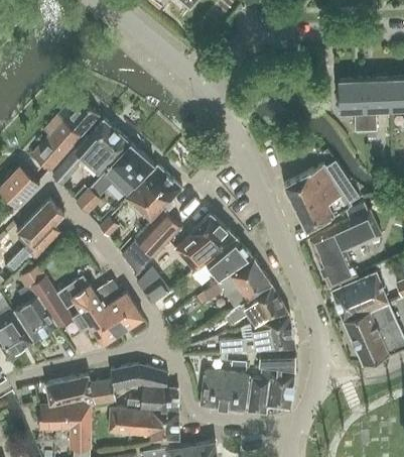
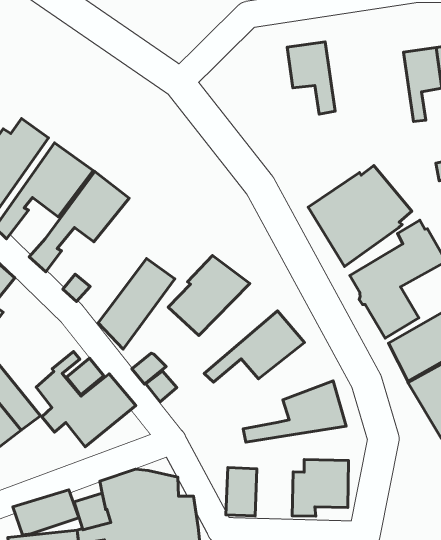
building: [338,80,368,132] -> [287,42,335,114]
building: [125,165,182,221] -> none
building: [193,238,254,283] -> none
building: [226,284,288,325] -> none
building: [247,350,295,372] -> none
building: [222,373,249,411] -> none

